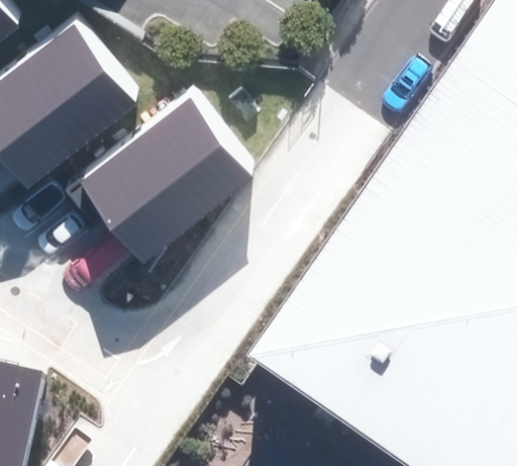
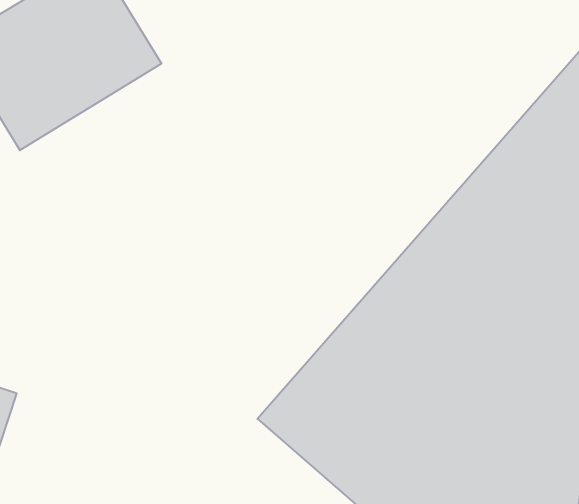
building: [88,91,258,255] -> none

